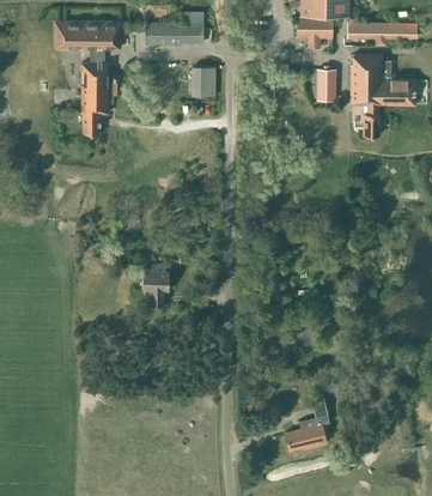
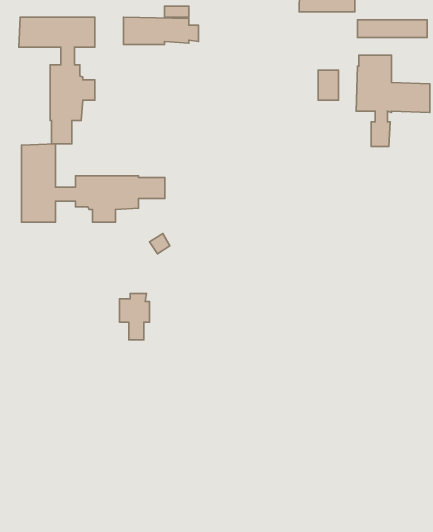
building: [297,18,334,40] -> none
building: [193,68,215,97] -> none
building: none -> [22,144,165,222]
building: [285,399,330,450] -> none

